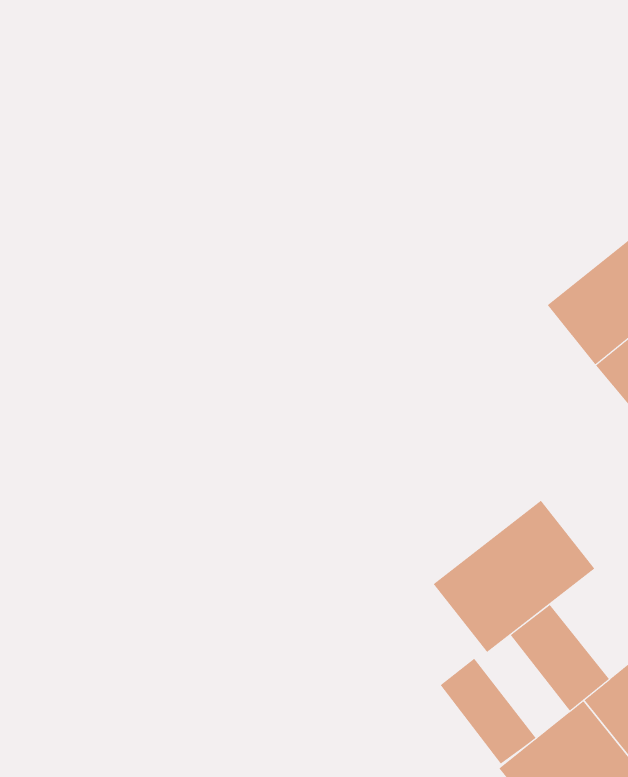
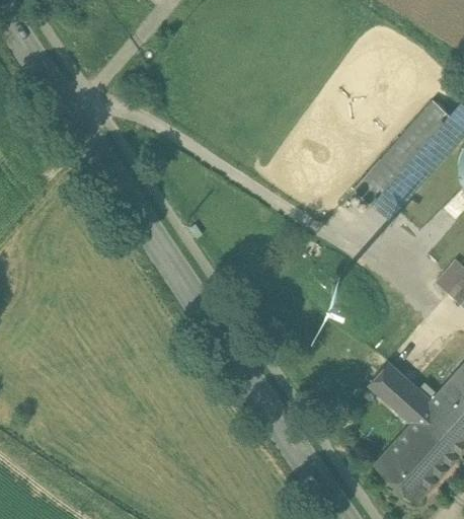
building: [433,500,595,653] -> none
building: [440,658,537,765] -> none

